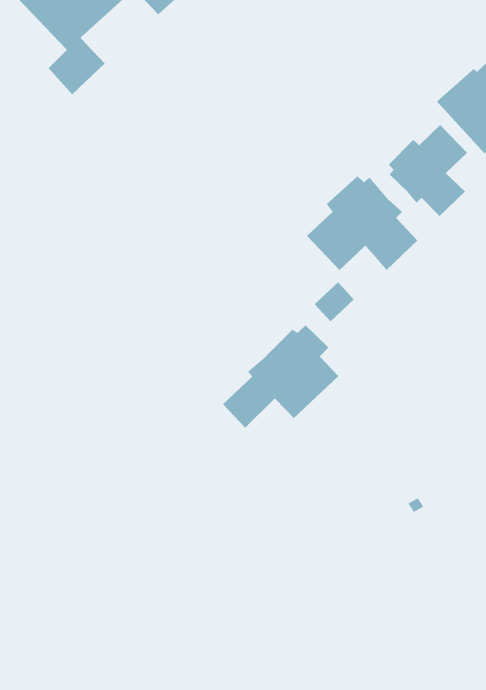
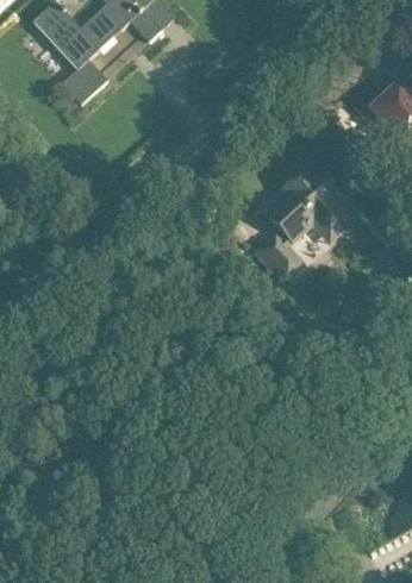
building: [388,124,468,217] -> none
building: [222,325,339,429] -> none

